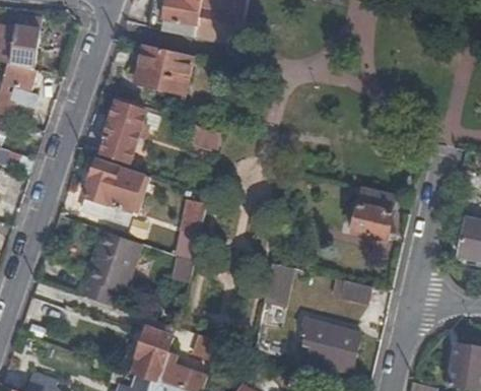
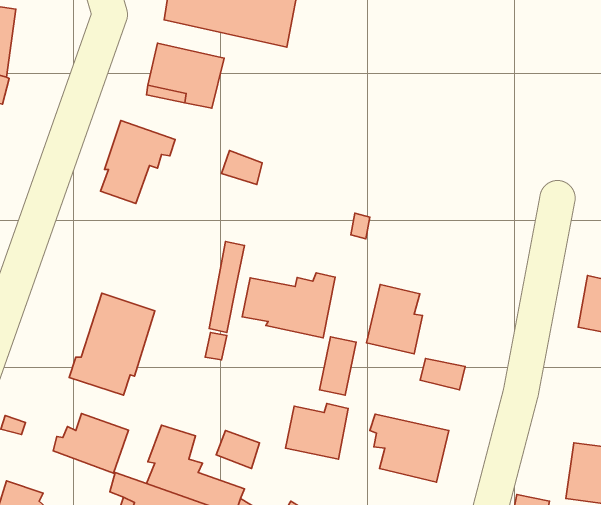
building: [81,158,149,222] -> none
building: [351,188,393,240] -> [367,284,422,354]
building: none -> [242,273,335,338]
building: none -> [286,403,348,459]
building: none -> [53,413,129,473]

